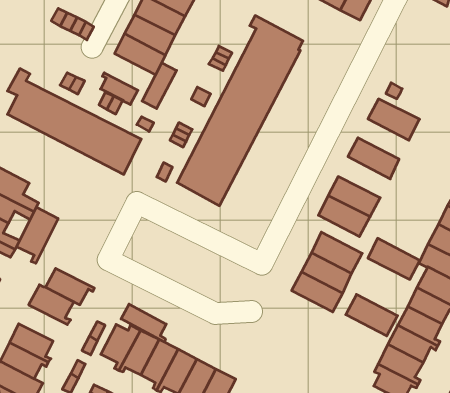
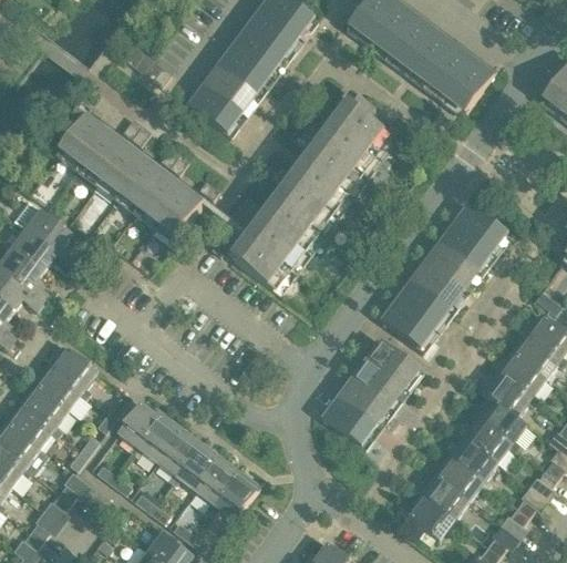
building: [142,63,177,109] -> none
building: [100,73,138,105] -> none
building: none -> [439,222,494,272]
building: [17,207,58,263] -> none
building: [368,238,420,279] -> [410,259,466,310]
building: [46,268,94,305] -> [33,362,86,407]
building: [346,294,398,336] -> [322,396,379,447]
building: [121,304,166,342] -> none

